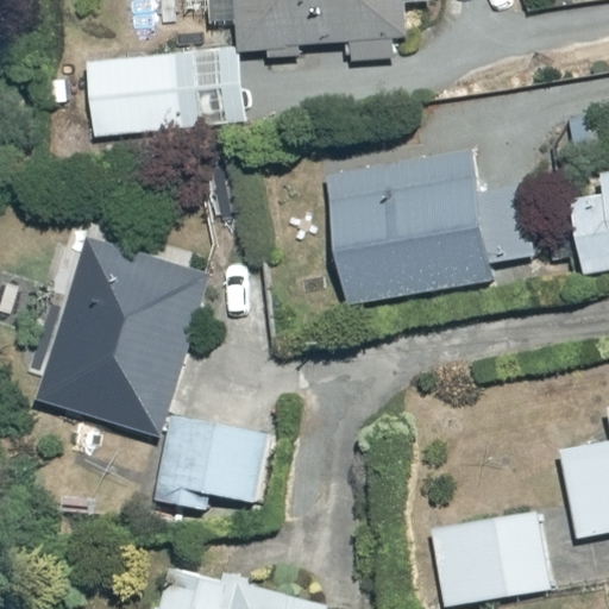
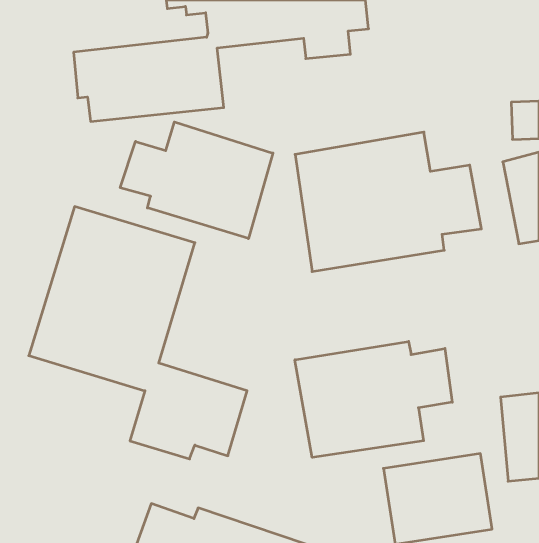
building: none -> [120,122,273,239]
building: none -> [295,341,452,457]

